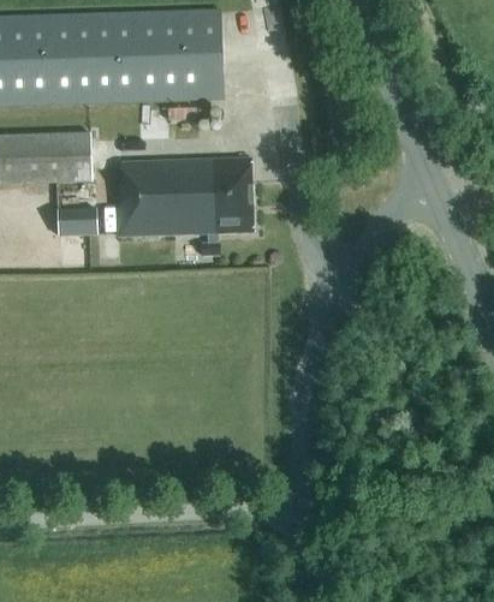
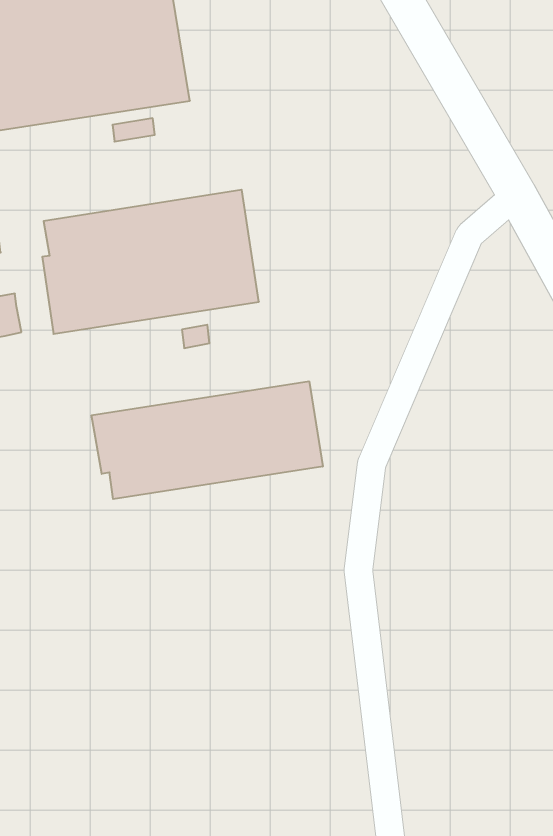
building: none -> [92,381,323,499]

